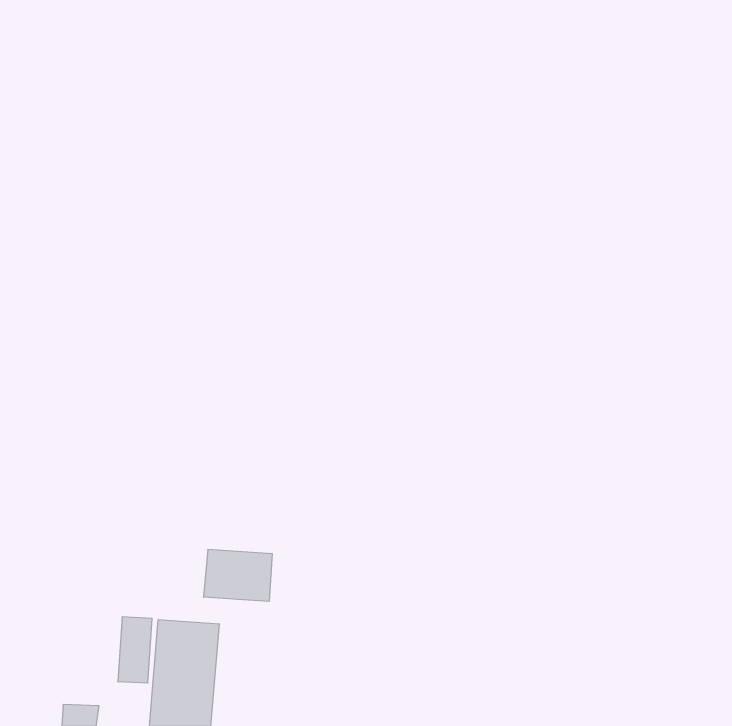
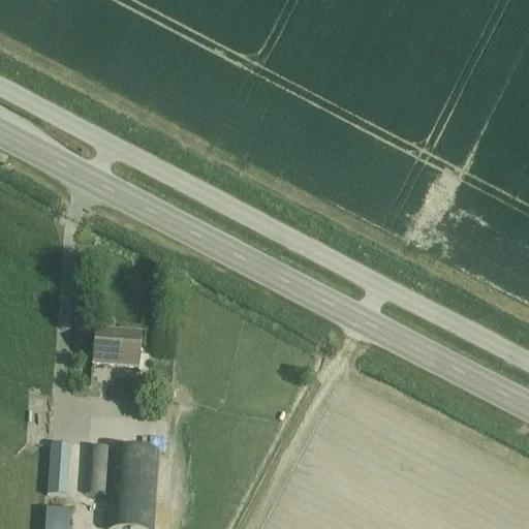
building: [203,550,272,601] -> [92,328,142,365]
building: none -> [48,441,71,494]

